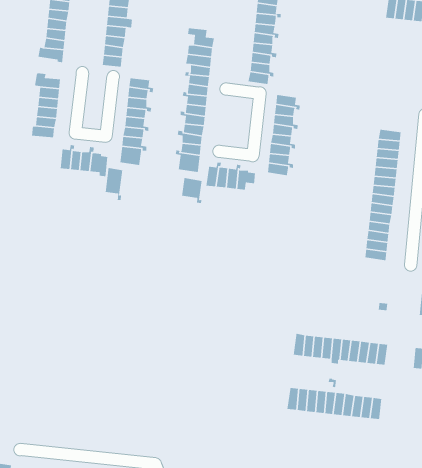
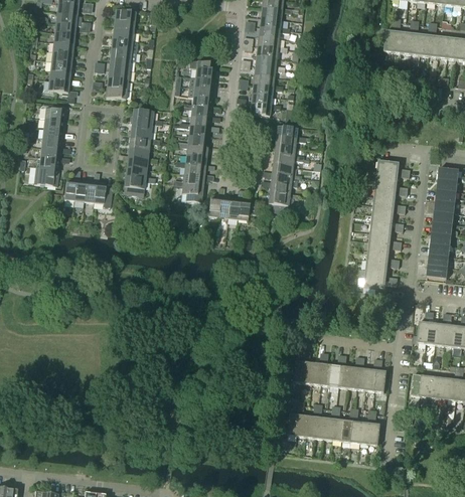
building: none -> [34,166,58,186]
building: [105,167,123,201] -> none
building: [181,177,203,204] -> none

